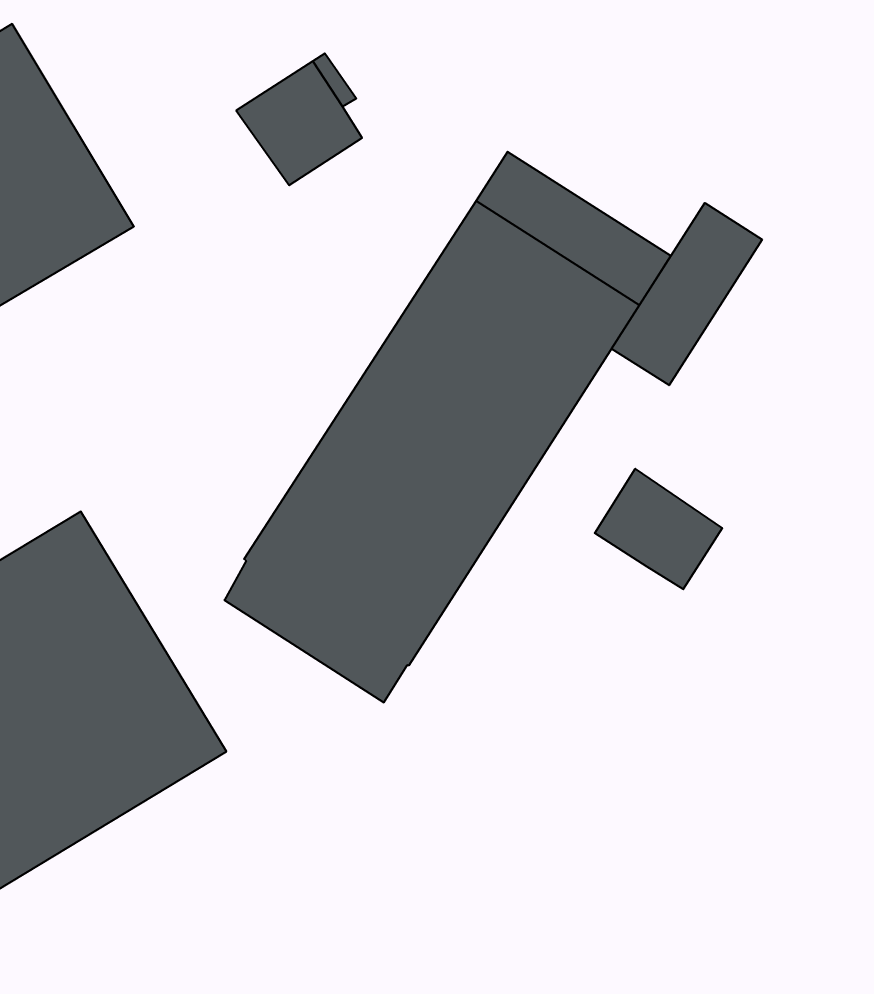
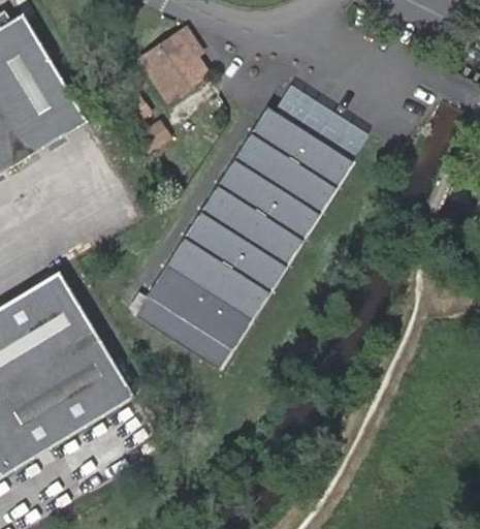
building: [612,203,762,385] -> none
building: [595,469,722,589] -> none

